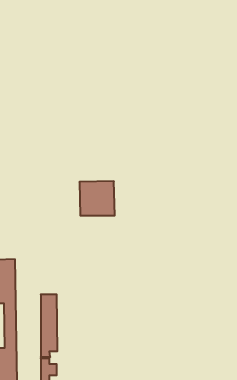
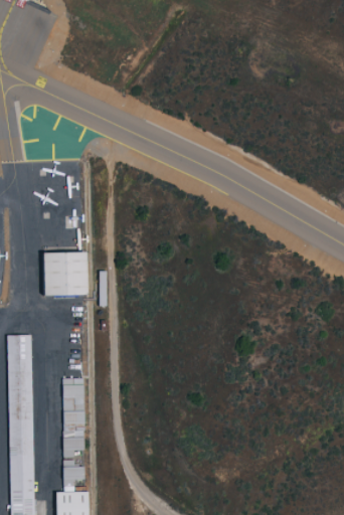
building: [79,181,115,216] -> [40,252,84,296]

